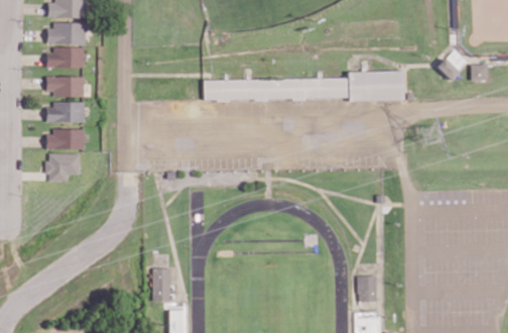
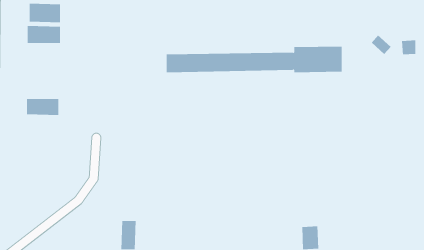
building: [45,76,84,97] -> none
building: [45,103,84,122] -> none
building: [46,154,79,182] -> none

